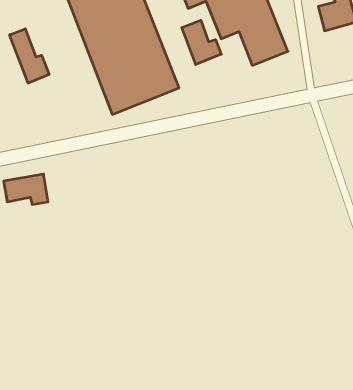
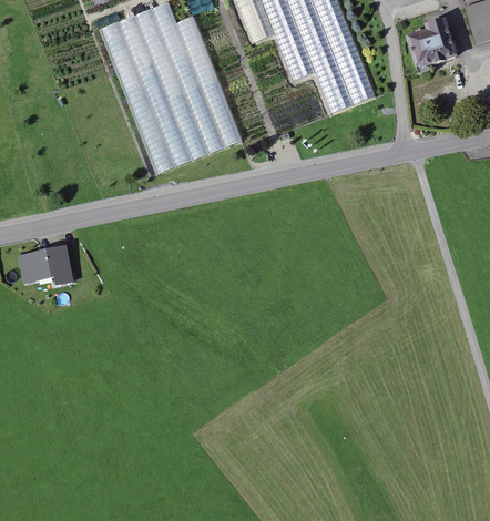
building: [182,20,221,65] -> none
building: [10,29,49,83] -> none

